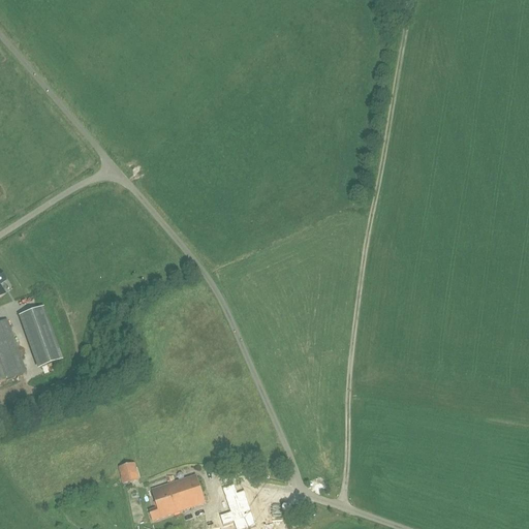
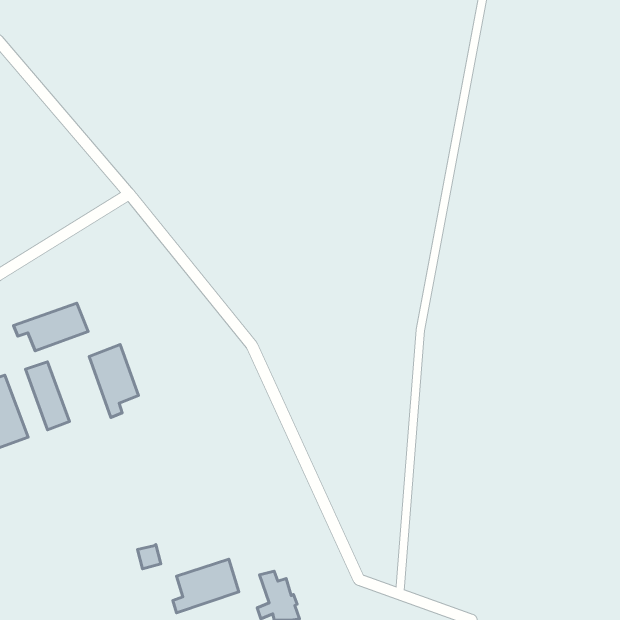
building: none -> [14,303,88,351]
building: none -> [89,344,138,417]

